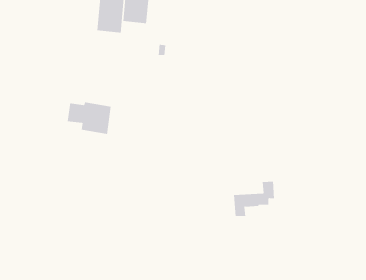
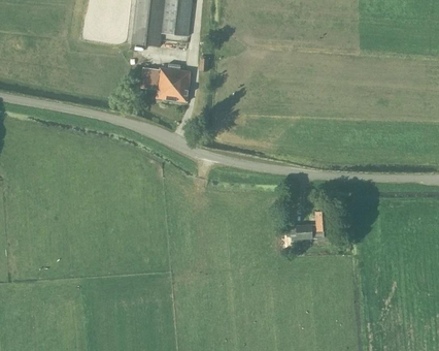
building: [67,102,111,134] -> [142,66,192,102]

